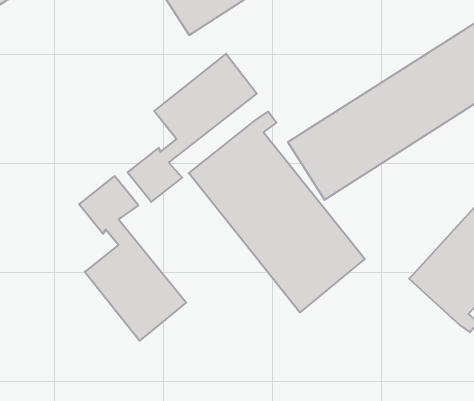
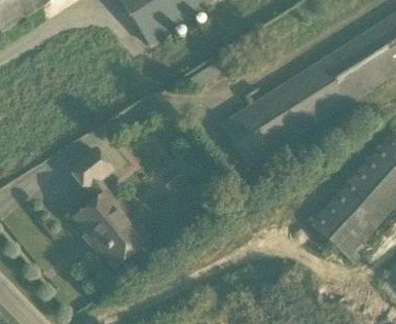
building: [128,54,257,202] -> none
building: [189,112,365,312] -> none

